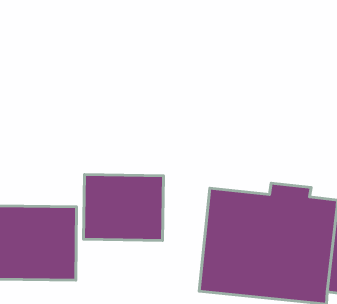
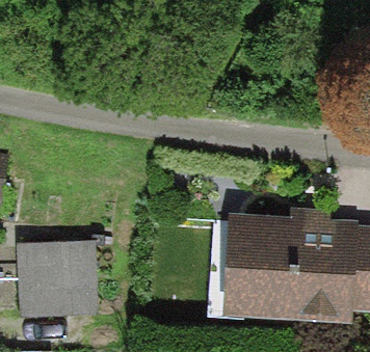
building: [83,174,164,241] -> none

